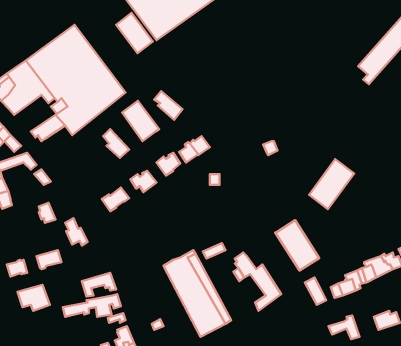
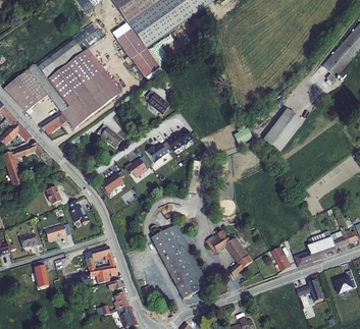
building: [122,101,159,141] -> [132,46,163,80]
building: [309,159,354,209] -> [263,109,302,152]
building: [275,220,319,270] -> none

